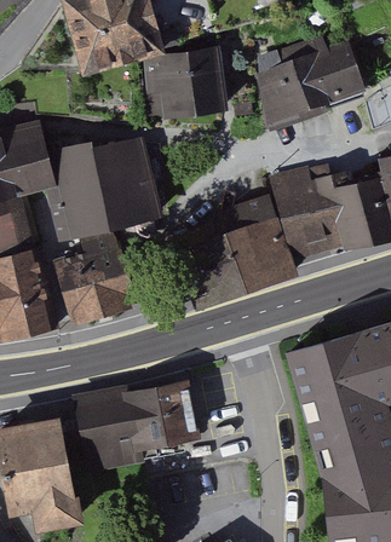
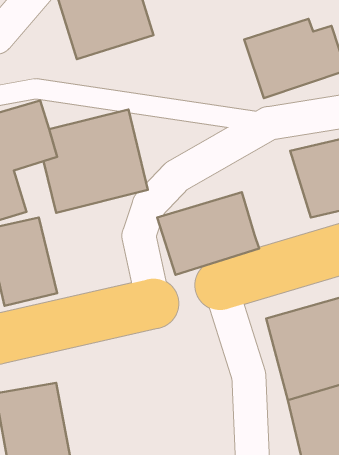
building: [155,54,225,125] -> none
building: [246,161,332,264] -> none
building: [62,241,146,322] -> none
building: [79,385,201,468] -> none

